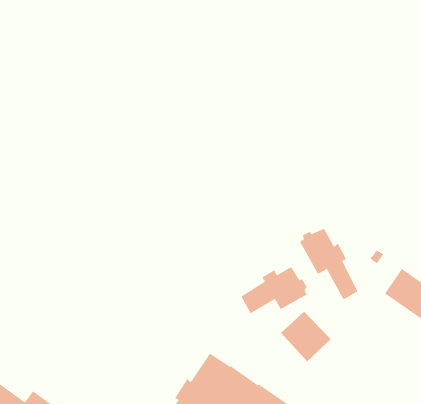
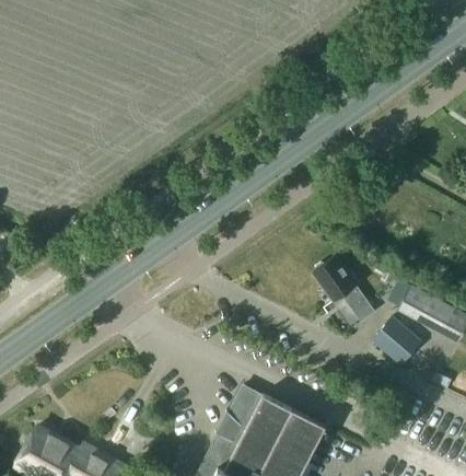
building: [241,266,308,314] -> none
building: [280,311,331,362] -> [372,317,420,364]

